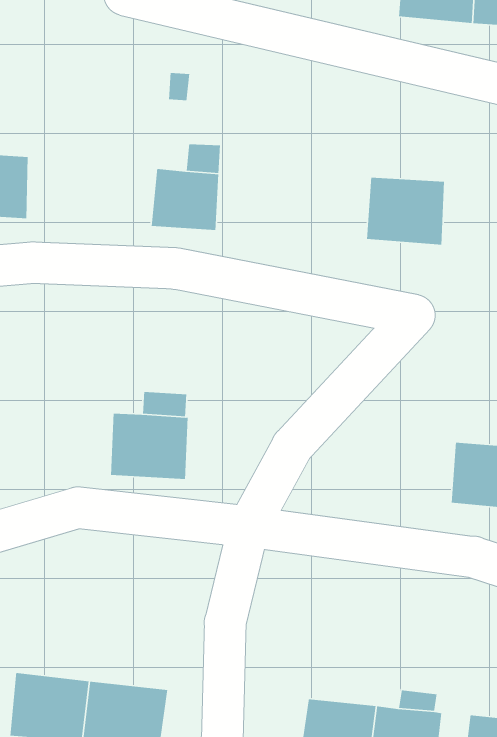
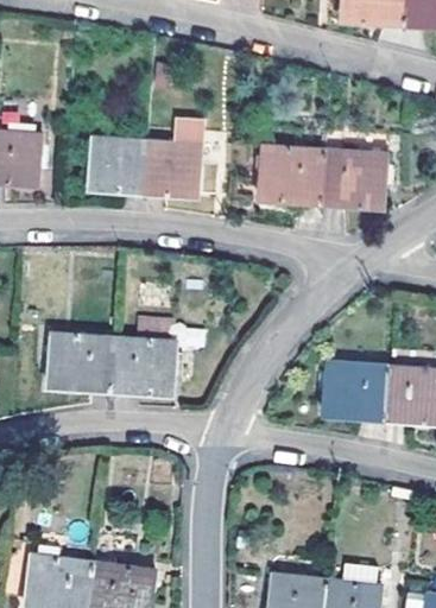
building: none -> [84,138,147,190]
building: none -> [258,146,322,201]
building: none -> [48,337,112,393]
building: none -> [327,361,391,416]

